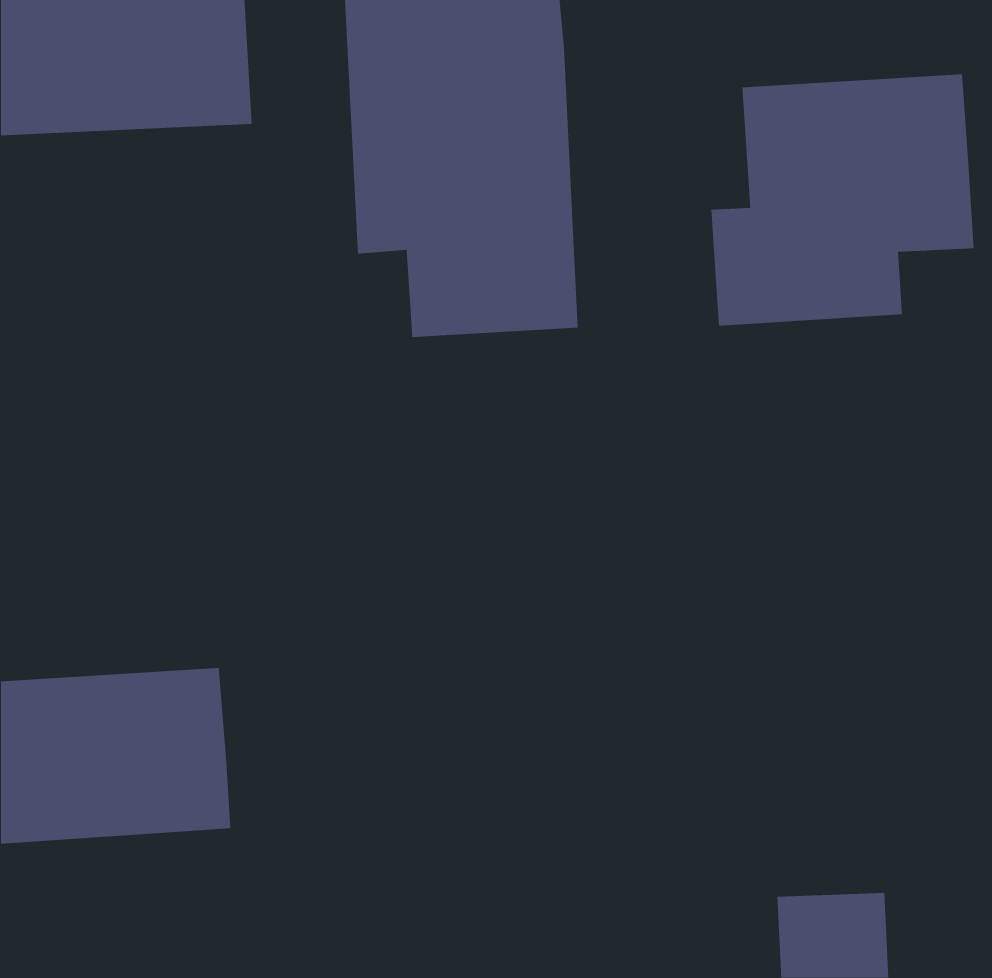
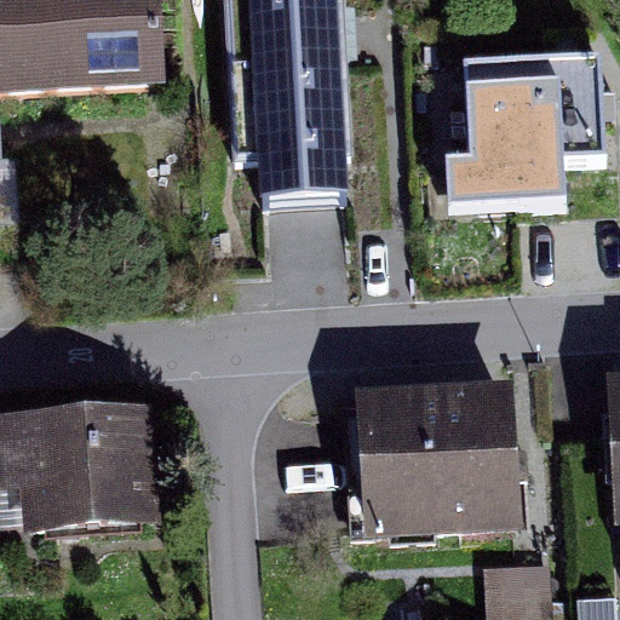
building: none -> [356,391,505,539]

